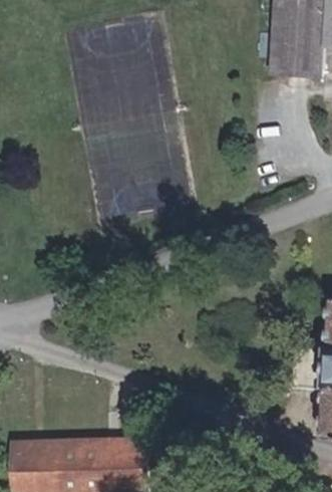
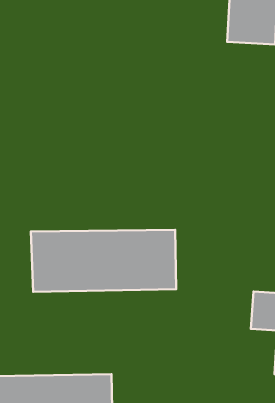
building: none -> [31,230,176,292]

